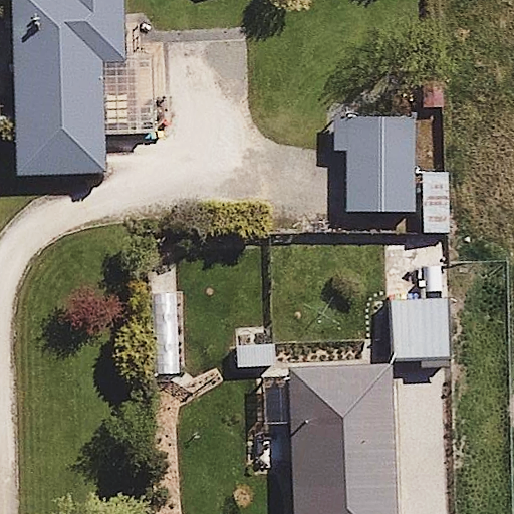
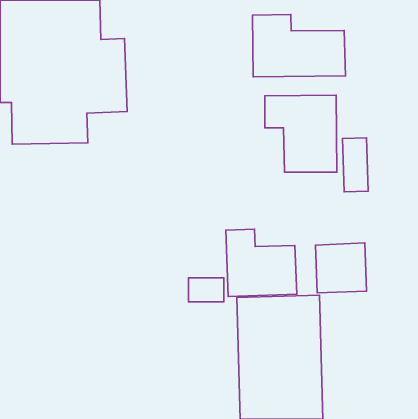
building: none -> [253,14,345,77]
building: none -> [226,229,297,297]

